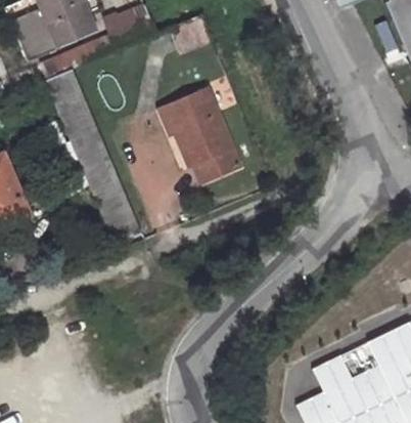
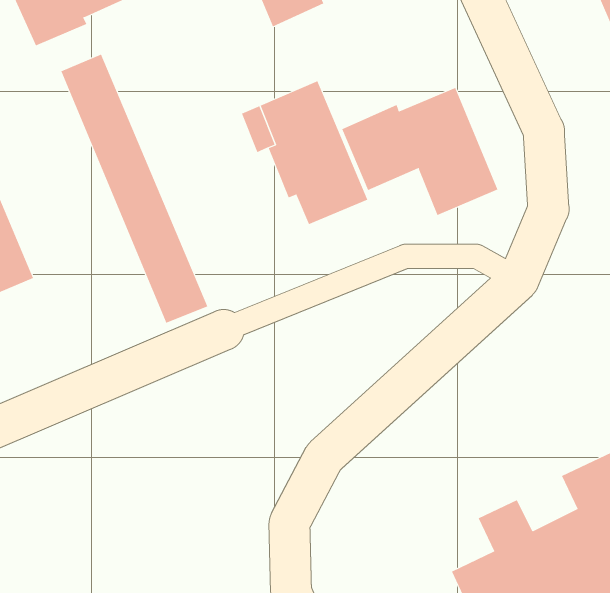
building: none -> [342,87,498,216]

